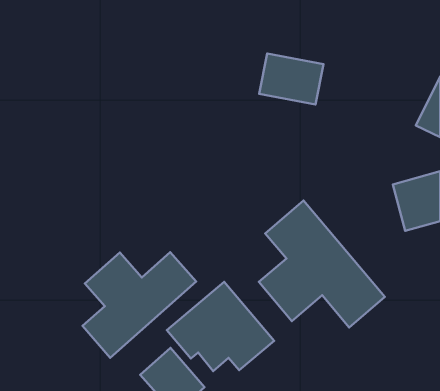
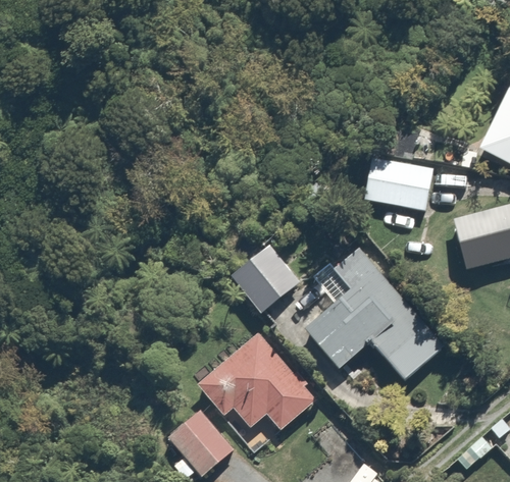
building: [259,54,323,105] -> [363,154,437,212]
building: none -> [232,245,304,317]
building: [82,252,196,358] -> none

